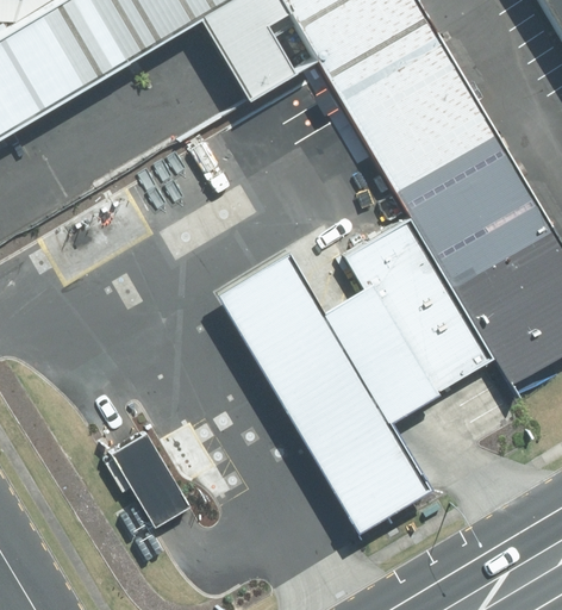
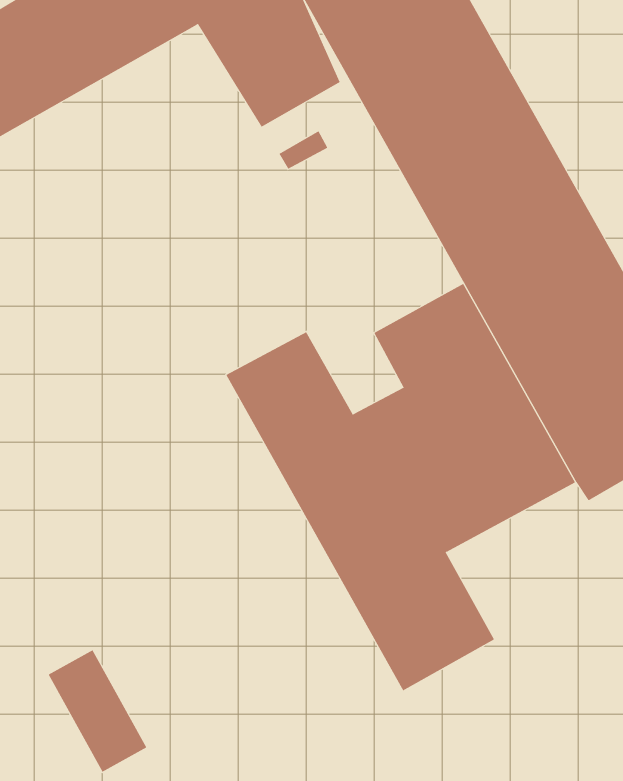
building: [110,422,186,516] -> [48,649,147,772]

